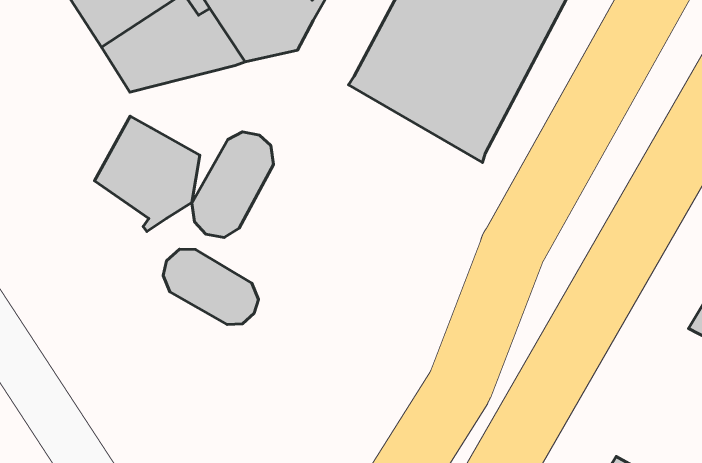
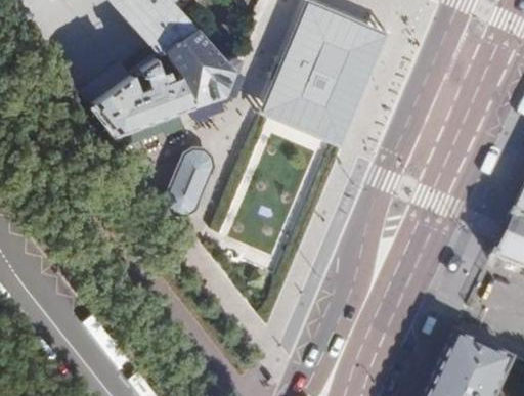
building: [95,116,200,231] -> none
building: [163,249,258,325] -> none

